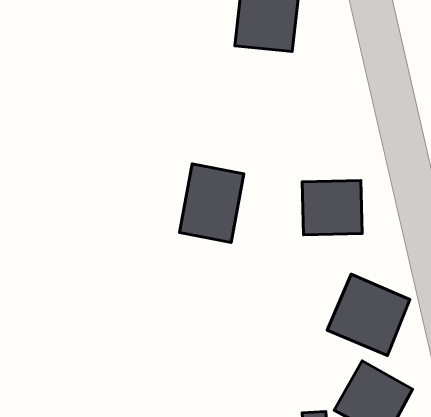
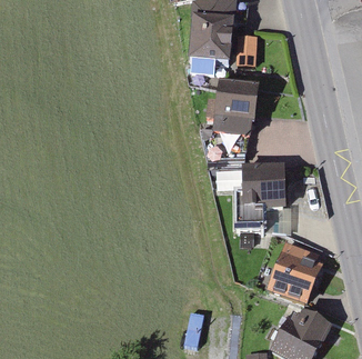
building: [180,164,244,242] -> [211,77,262,139]

